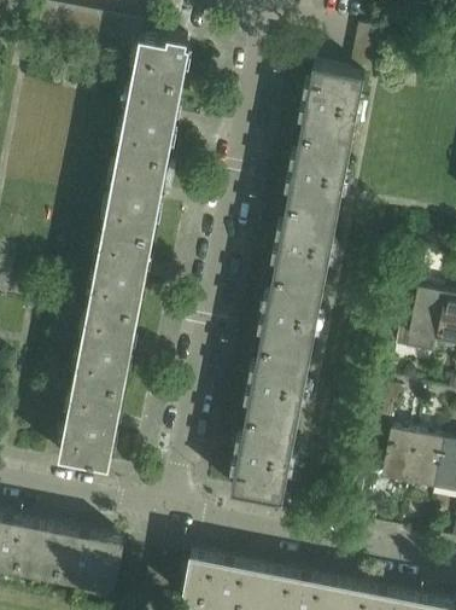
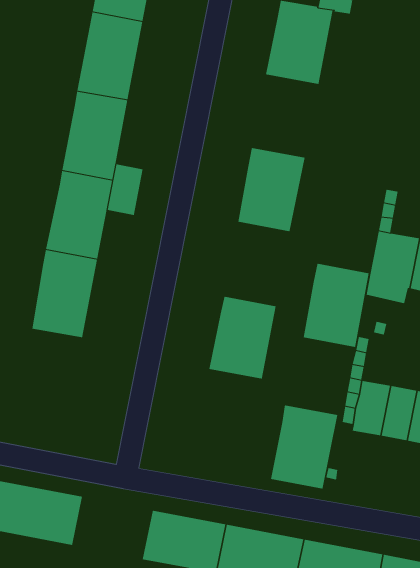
building: [285,135,350,215] -> none
building: none -> [107,163,143,216]
building: [258,277,322,358] -> [303,263,370,348]
building: [58,379,123,465] -> none
building: [230,418,296,499] -> [270,405,338,489]

